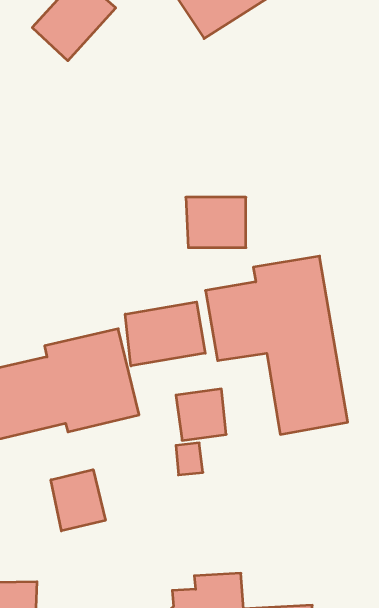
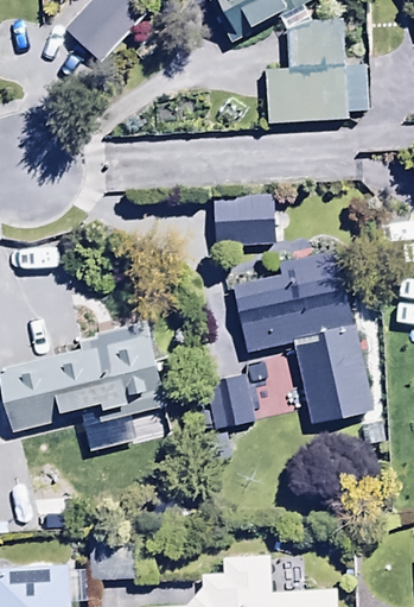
building: none -> [267,25,367,122]
building: [125,302,205,366] -> none
building: [51,470,105,531] -> none

